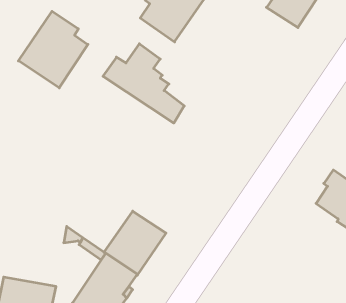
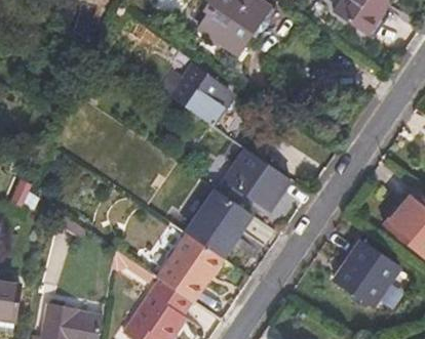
building: [18,11,88,88] -> none
building: none -> [218,143,289,209]
building: none -> [187,190,252,256]
building: none -> [334,239,400,304]

